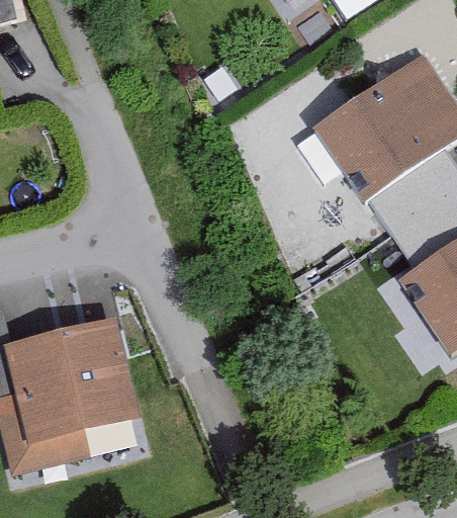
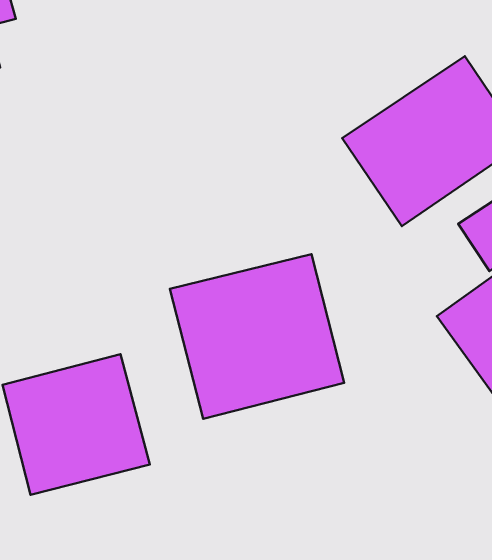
building: none -> [170,254,344,419]

